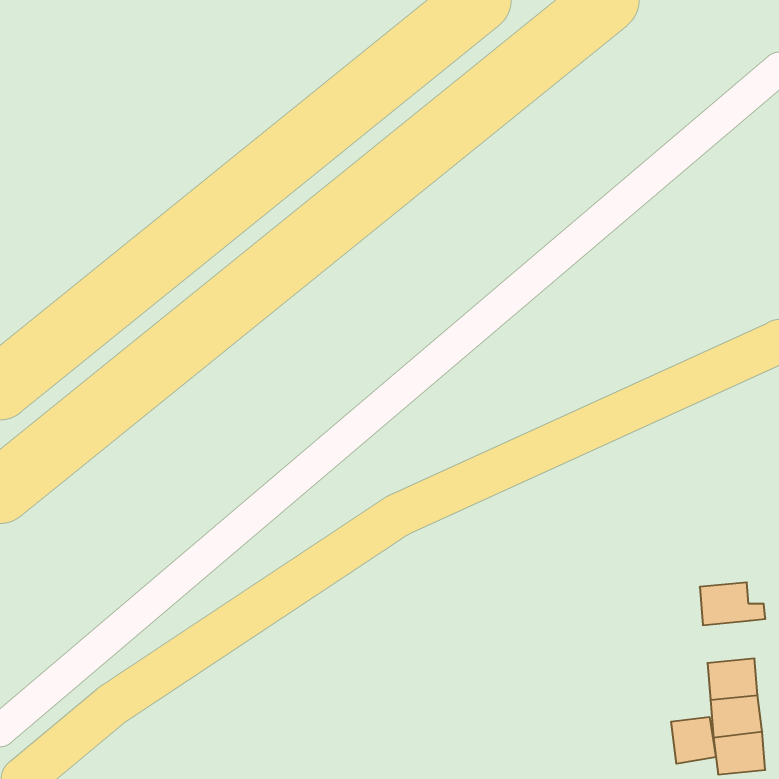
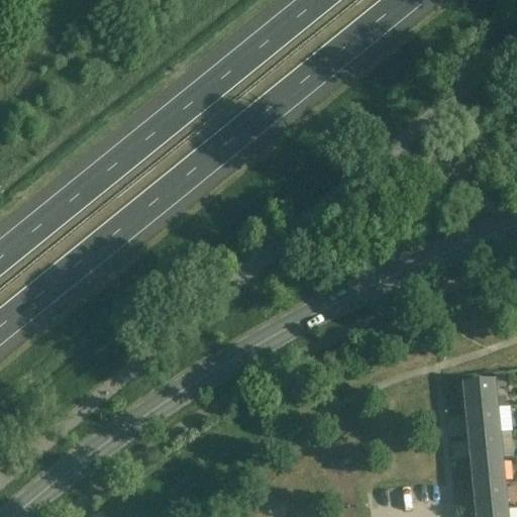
building: none -> [466,411,500,439]
building: [671,717,716,764] -> none

